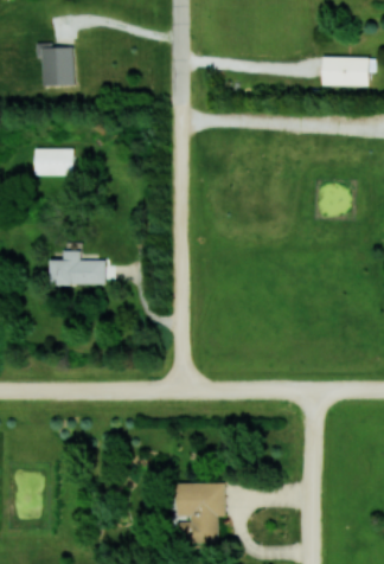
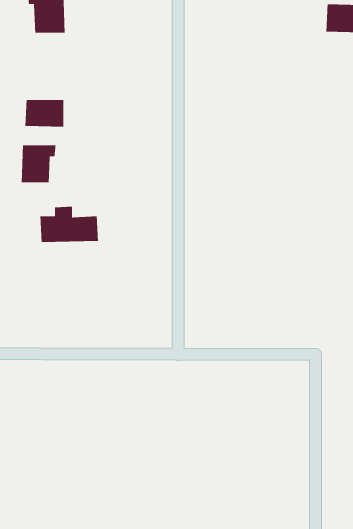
building: none -> [21,144,56,183]
building: [177,482,225,543] -> none

